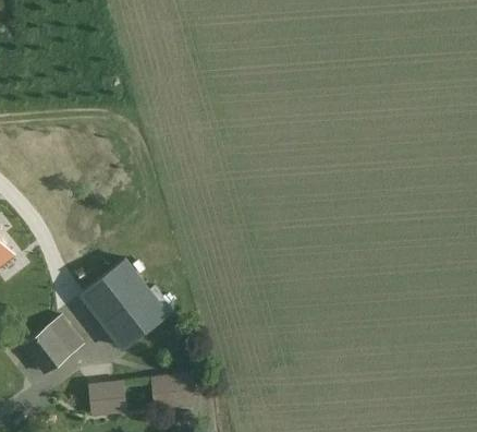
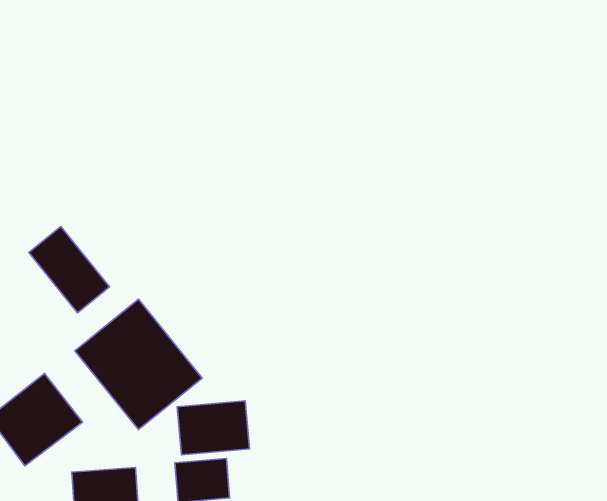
building: none -> [29,227,109,313]
building: none -> [177,401,250,455]

